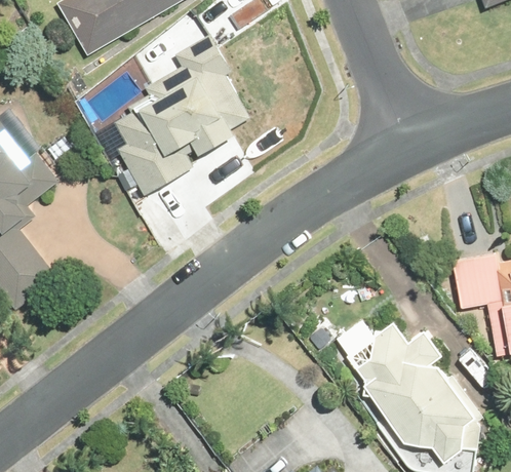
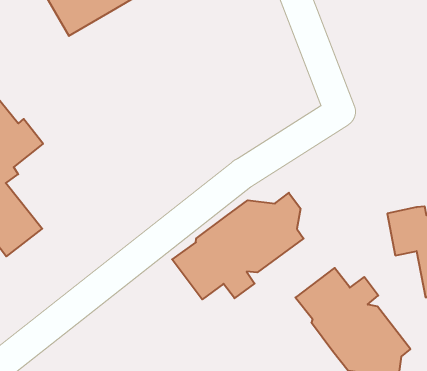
building: [112,33,249,194] -> none
building: none -> [172,193,304,299]

